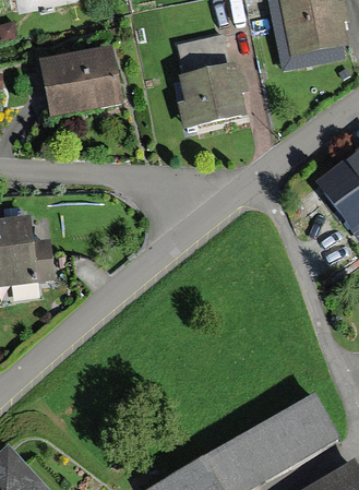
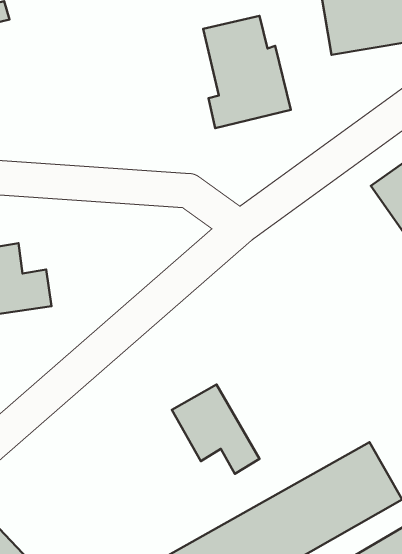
building: [38,45,124,116] -> none
building: none -> [172,385,259,474]

